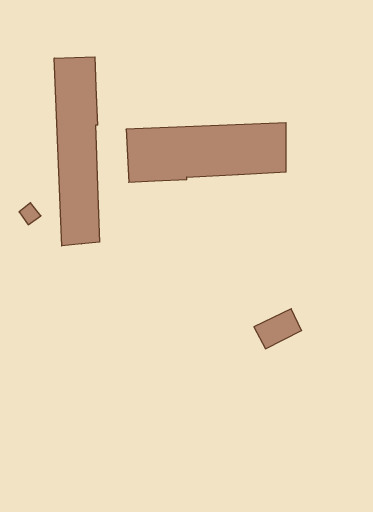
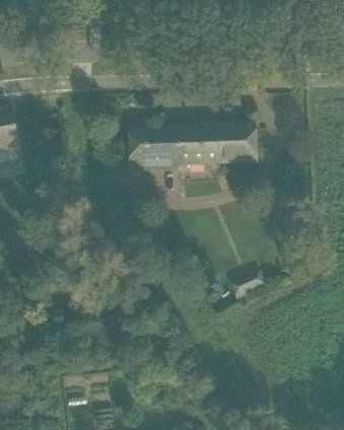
building: [54,57,99,246] -> none

